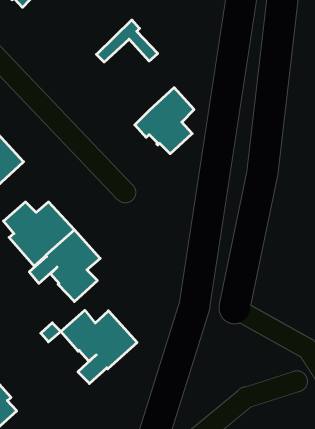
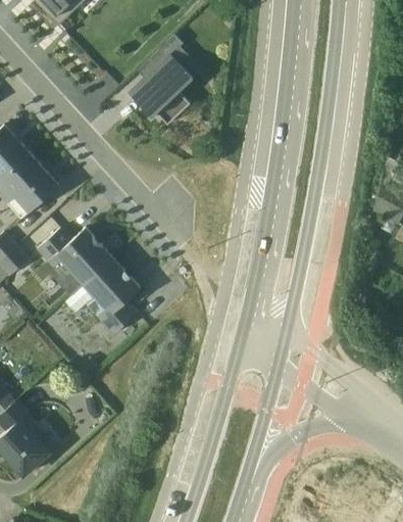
building: [135,88,194,154] -> [129,54,192,125]
building: [61,310,137,384] -> none

